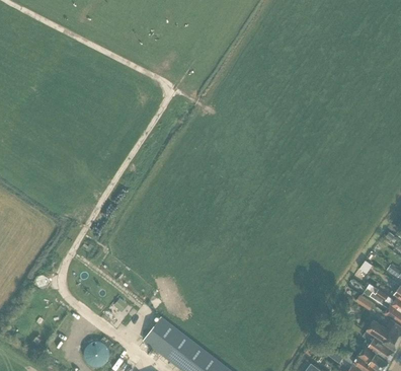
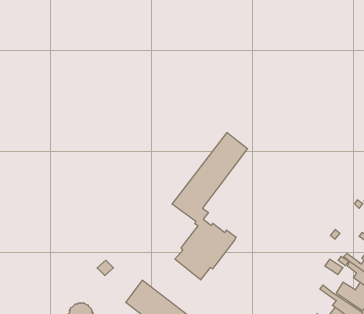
building: none -> [172,132,248,280]

